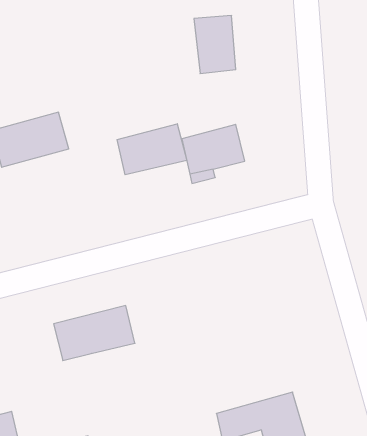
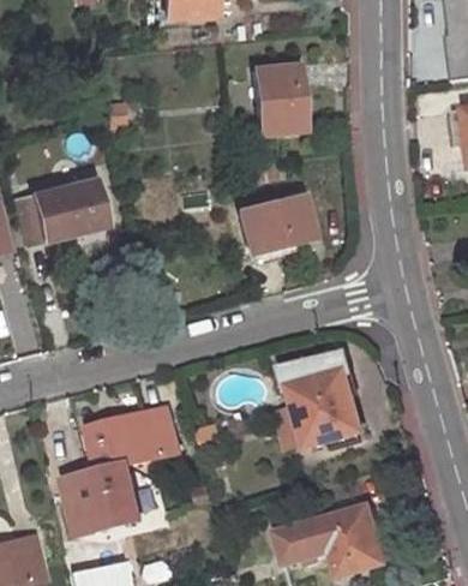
building: [117,124,187,175] -> none
building: none -> [283,348,361,447]
building: none -> [62,462,145,538]

